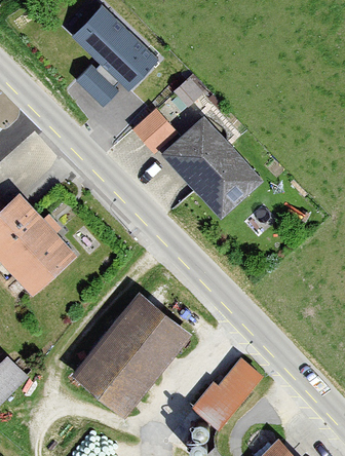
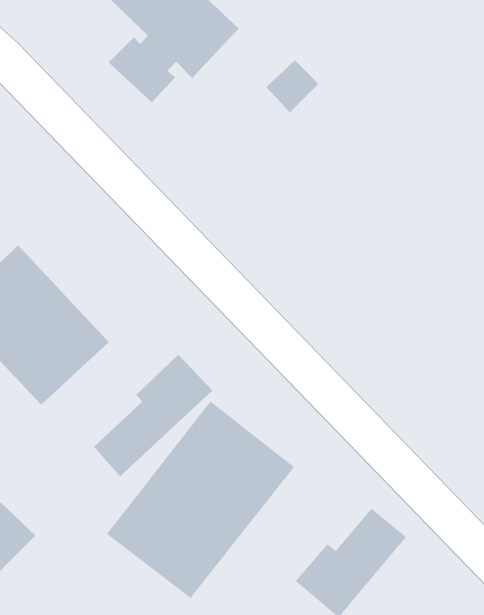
building: [133,110,174,151] -> none
building: [163,117,264,220] -> none
building: none -> [93,354,213,477]

